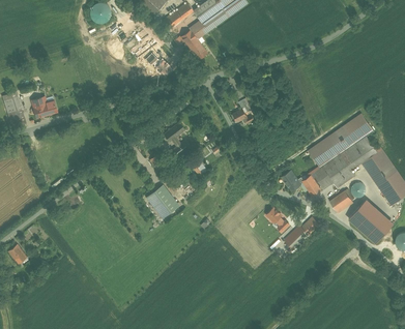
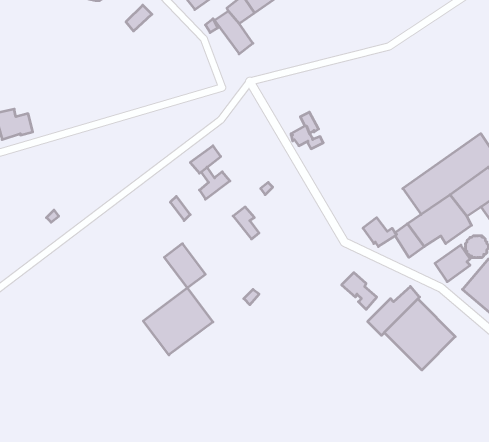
building: none -> [143,288,213,355]
building: none -> [384,299,455,370]

